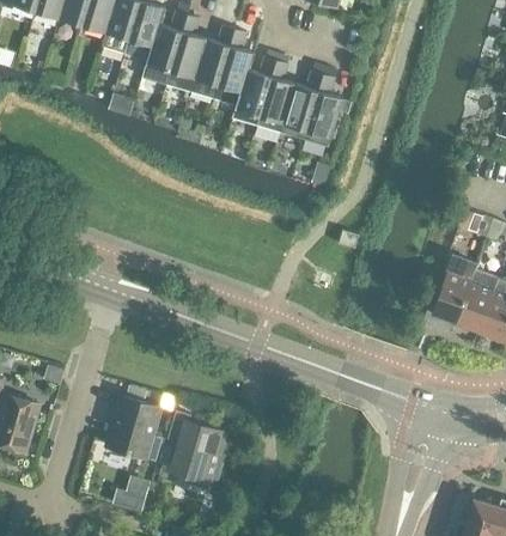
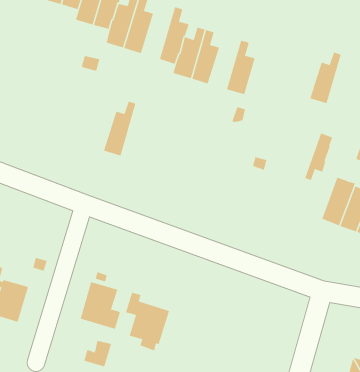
building: [190,25,234,99] -> [103,101,136,156]
building: [280,71,323,140] -> [309,52,342,104]
building: none -> [304,133,333,181]

